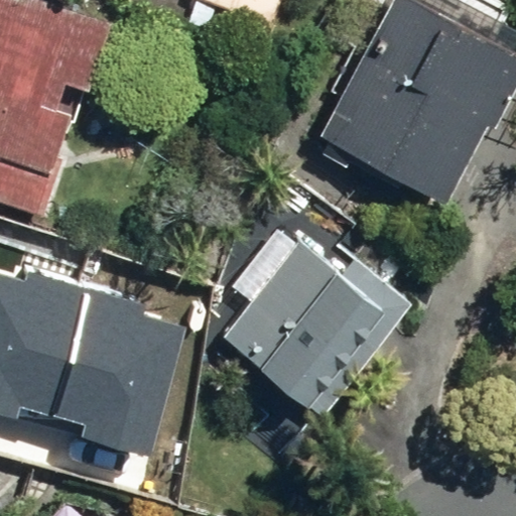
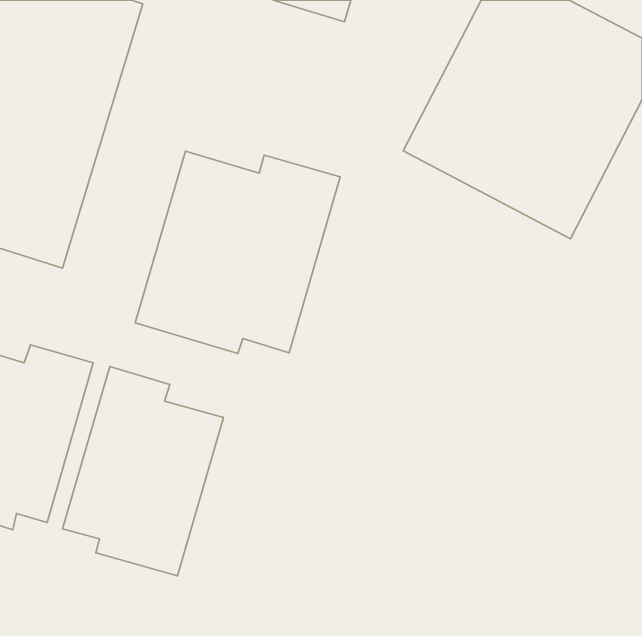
building: none -> [135,151,340,354]
building: [222,221,409,412] -> none

